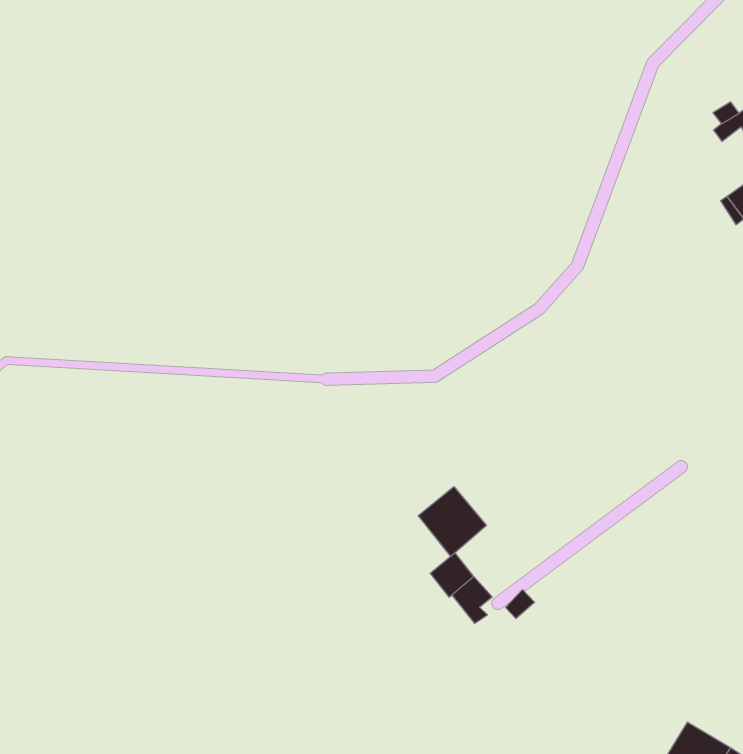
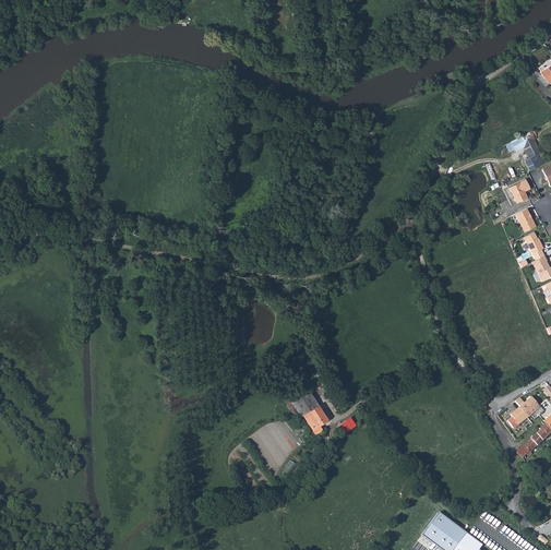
building: [418,487,486,556] -> none

